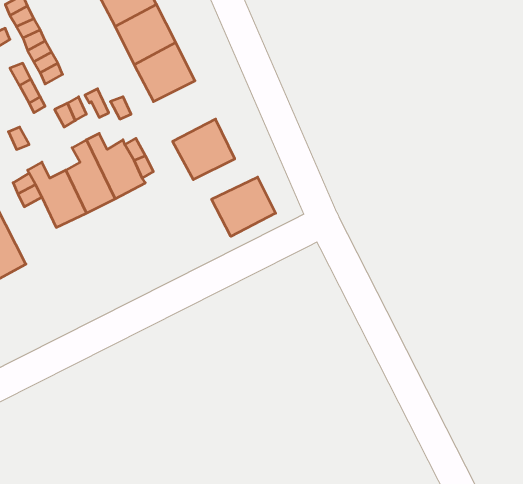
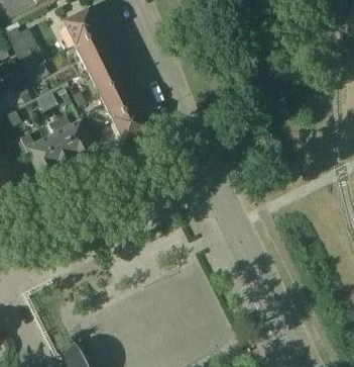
building: none -> [100,80,139,118]
building: [212,177,276,236] -> none

